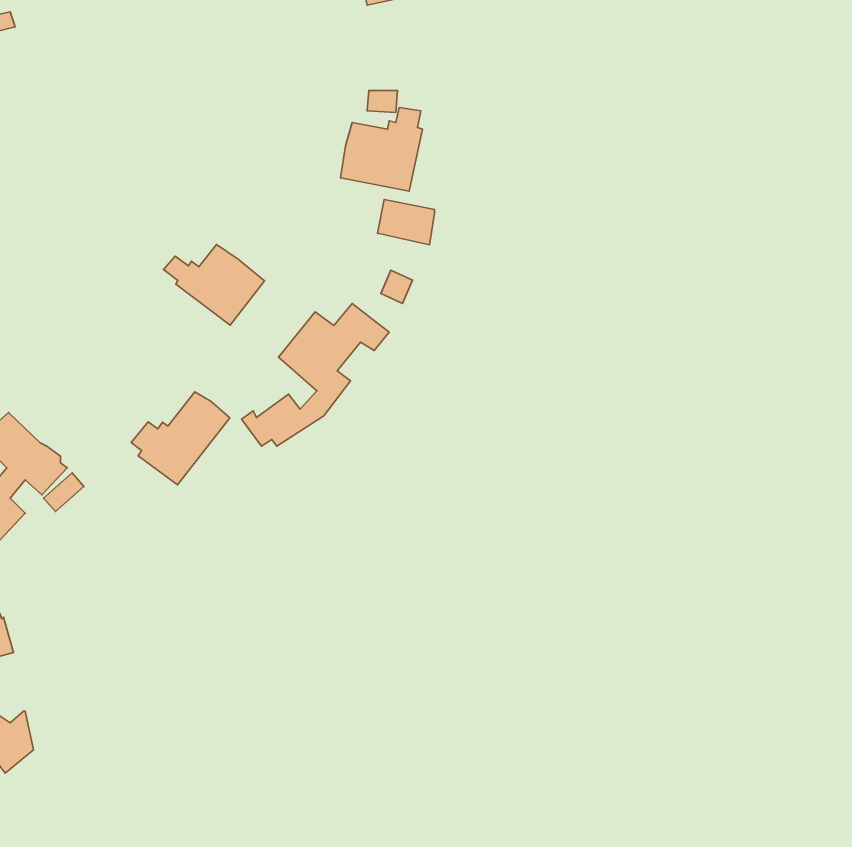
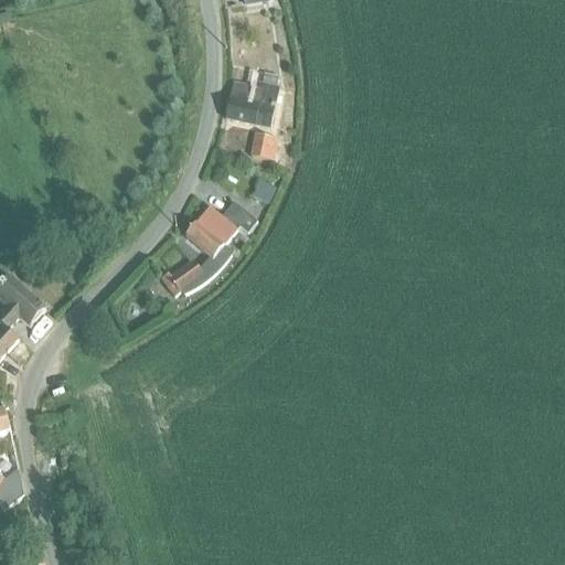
building: [164,244,265,325] -> none
building: [131,392,230,485] -> none

